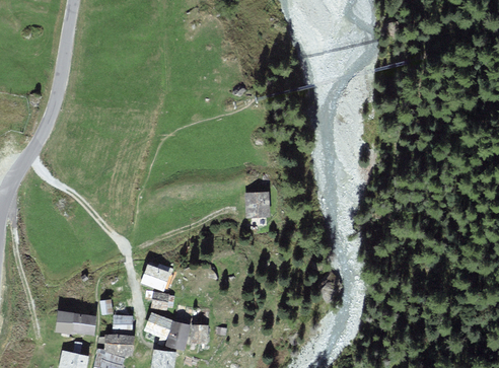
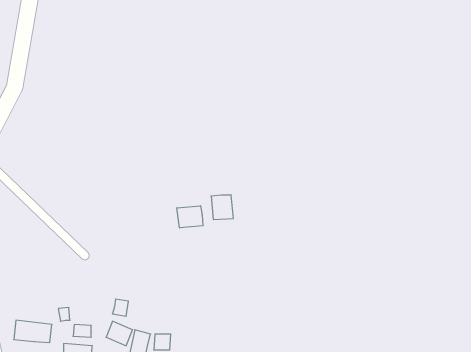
building: none -> [177,206,203,228]
building: [142,265,169,289] -> none

